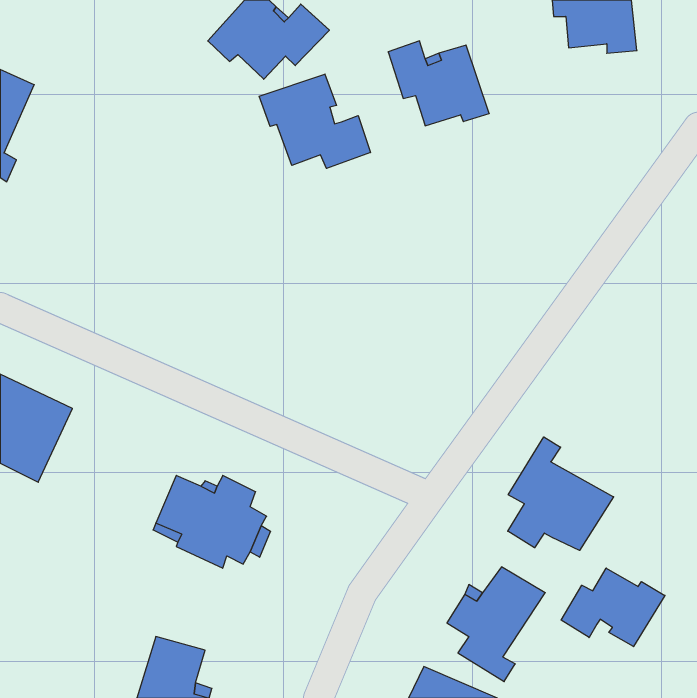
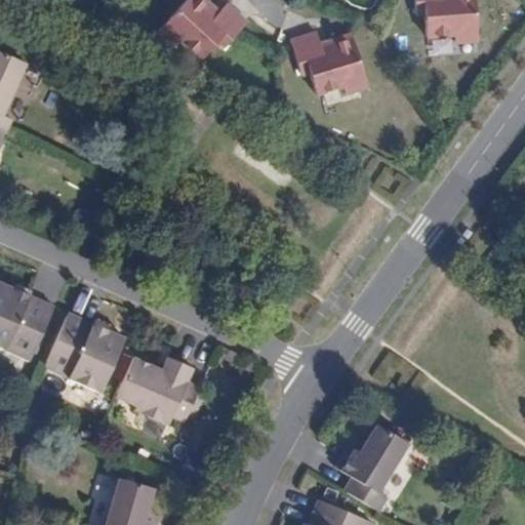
building: [259,74,370,168] -> none
building: none -> [44,312,125,394]
building: [508,437,614,550] -> none
building: [561,568,665,647] -> none

